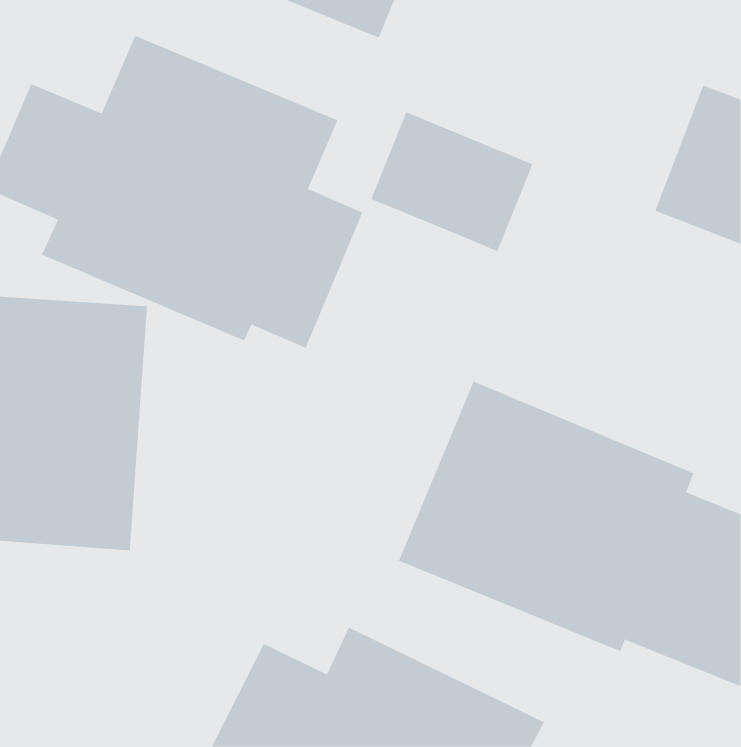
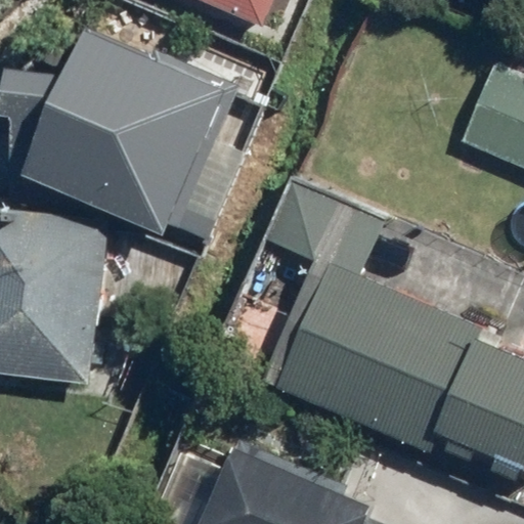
building: [371,111,533,252] -> [273,181,387,279]

